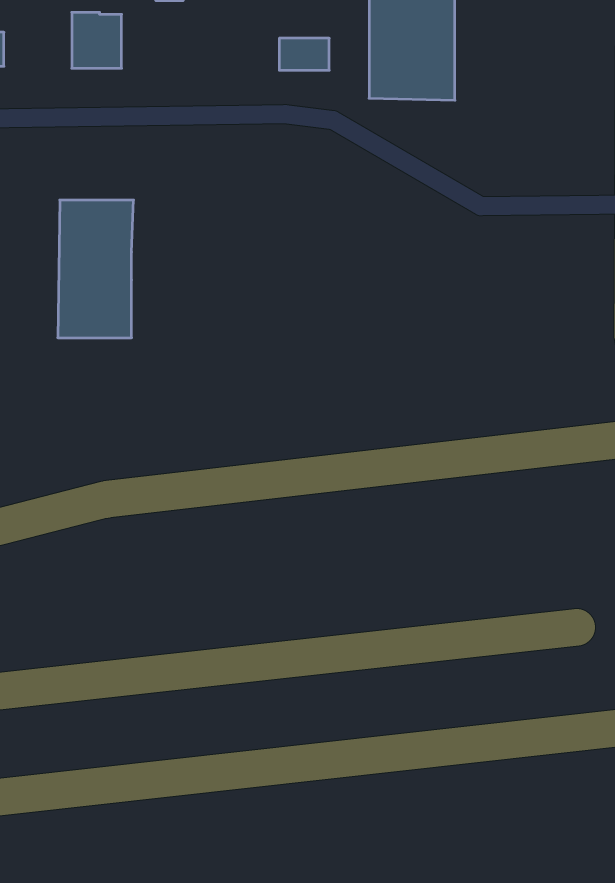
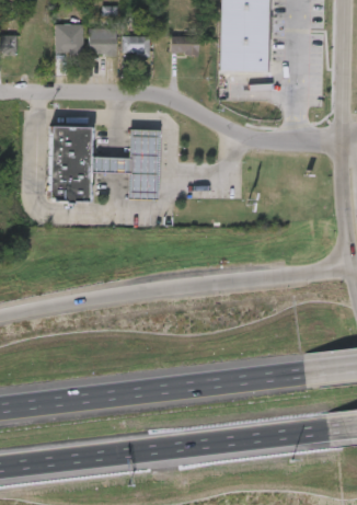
building: none -> [87,32,114,55]
building: none -> [122,36,149,56]
building: none -> [87,128,157,199]

